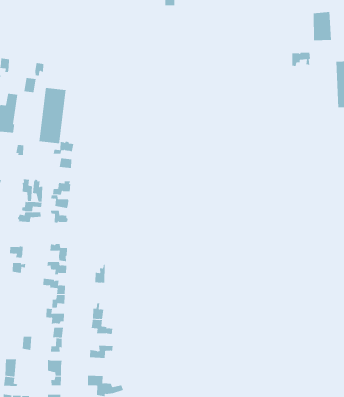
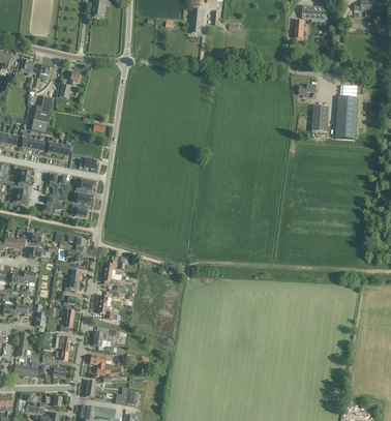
building: [313,11,332,41] -> [311,106,329,131]
building: [39,87,66,144] -> none

